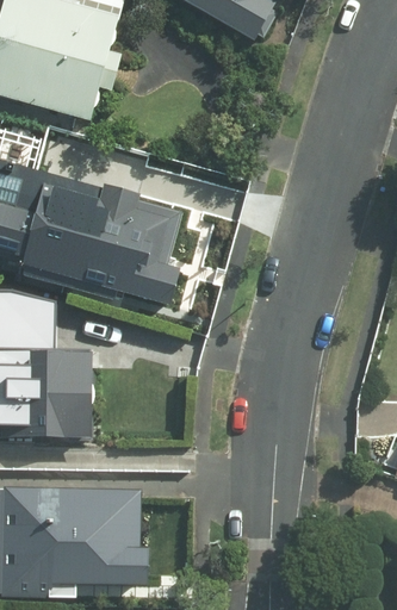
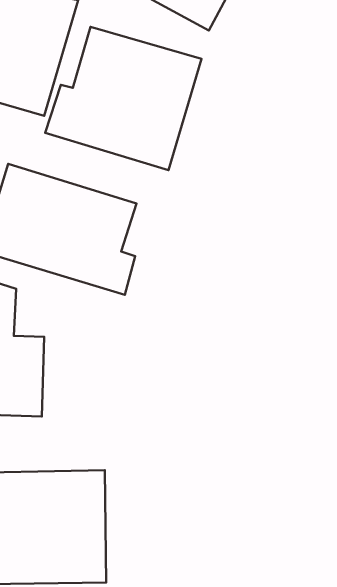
building: none -> [45,27,201,170]

